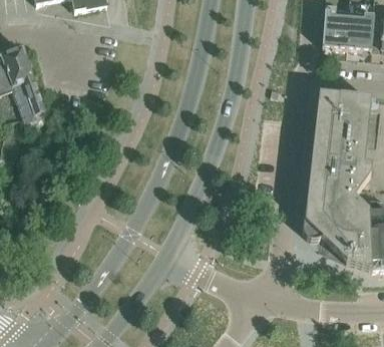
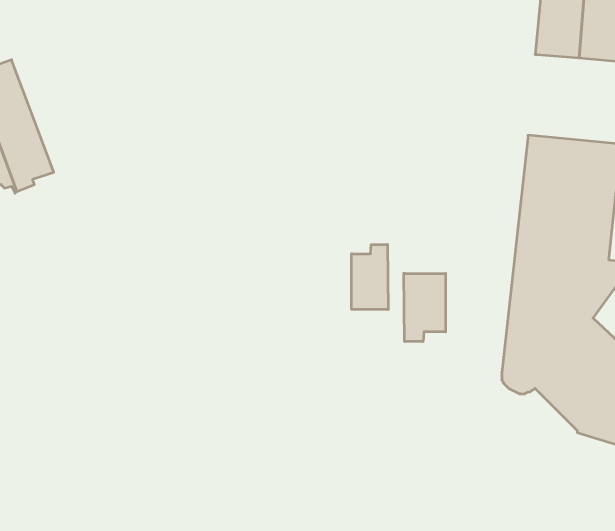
building: none -> [352,244,388,310]
building: none -> [404,273,446,342]

